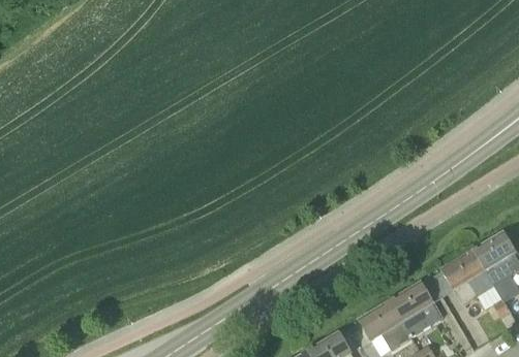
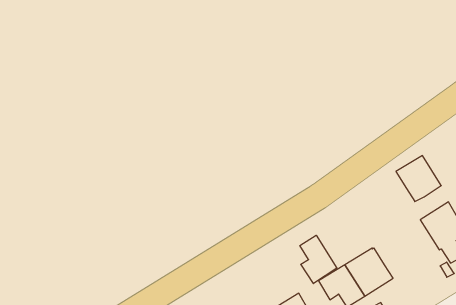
building: [441,253,491,303] -> [396,156,441,202]
building: none -> [300,235,337,284]

